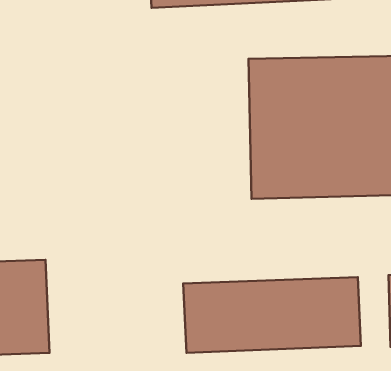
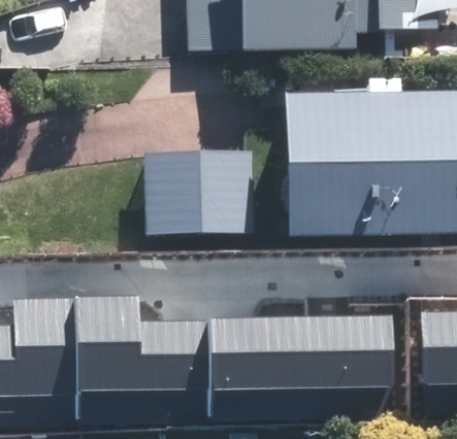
building: none -> [138,146,254,231]
building: none -> [78,296,213,392]

